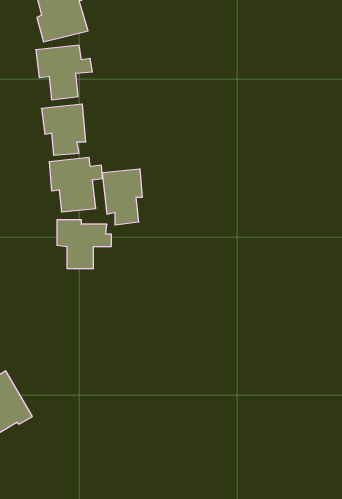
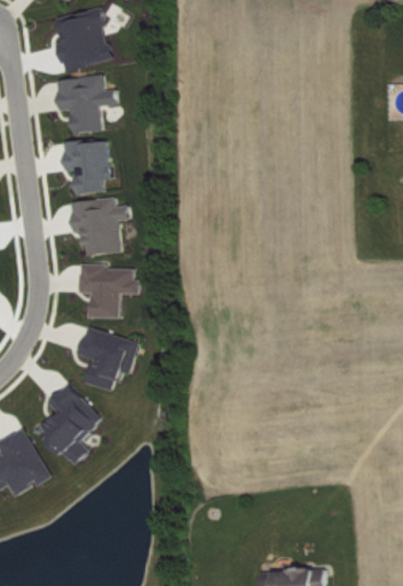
building: [102,169,142,225] -> none
building: none -> [77,326,138,390]
building: none -> [42,381,101,464]

